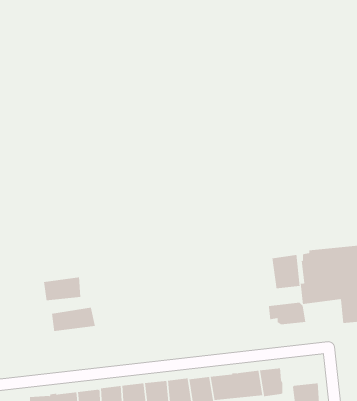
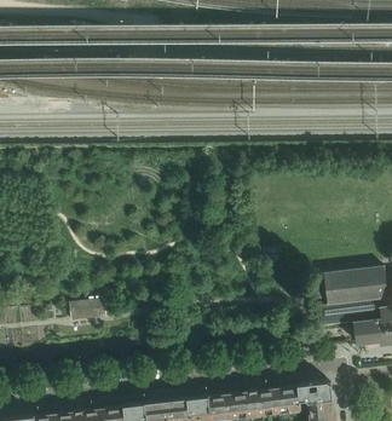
building: [272,254,300,289] -> none
building: [268,302,306,325] -> [298,381,334,403]
building: [51,307,95,332] -> none

